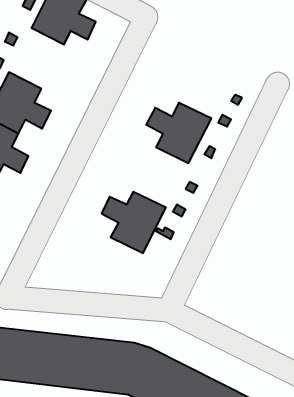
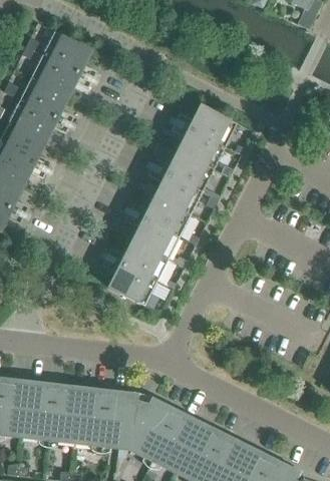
building: none -> [10,76,76,138]
building: none -> [173,105,239,168]
building: none -> [126,197,193,259]

